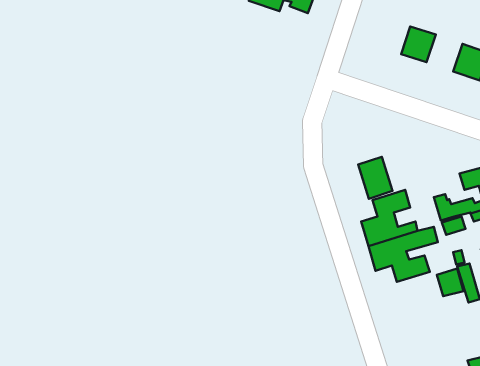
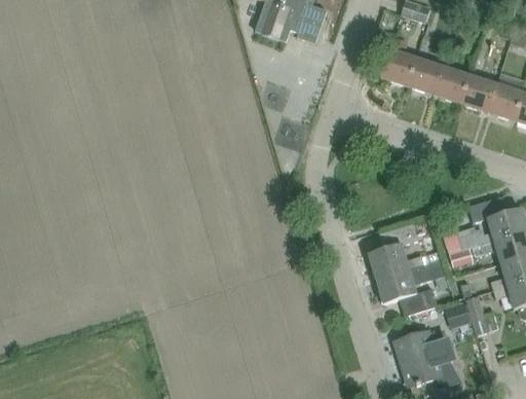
building: none -> [380,37,418,84]
building: none -> [435,65,471,102]
building: [358,157,393,199] -> none
building: none -> [396,328,462,384]

